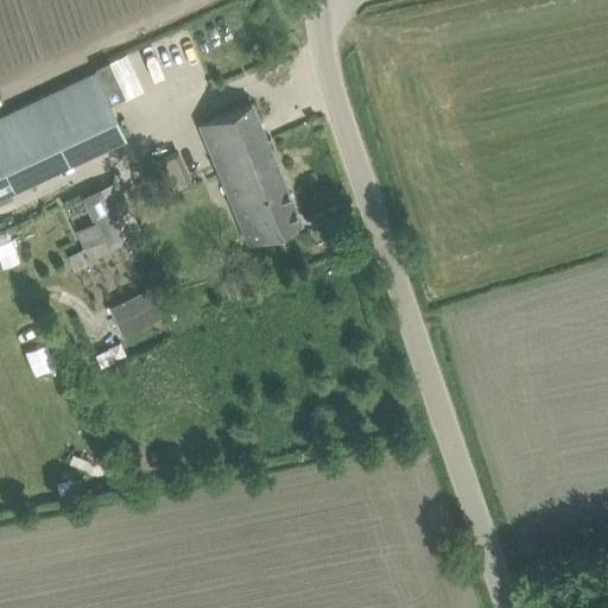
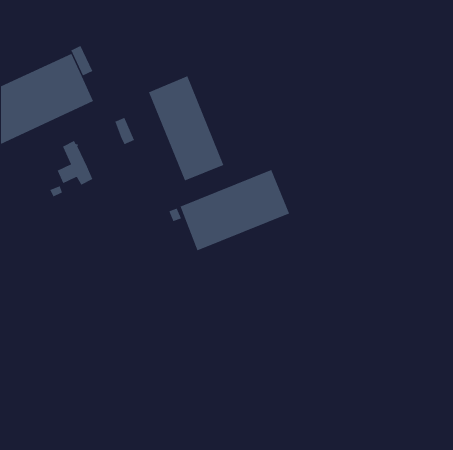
building: none -> [180,169,290,251]
building: [110,293,159,332] -> none

